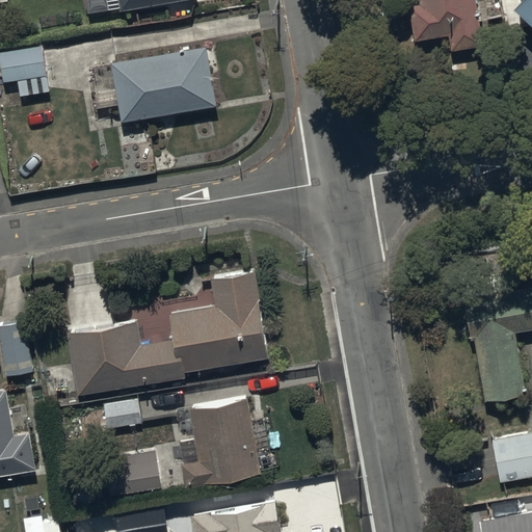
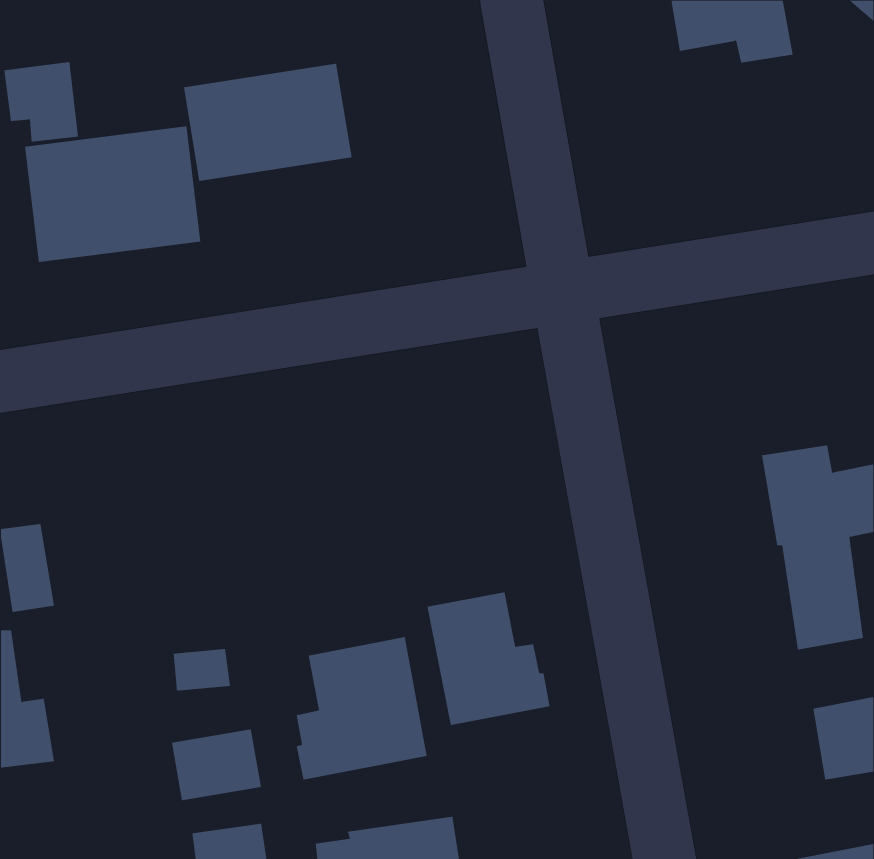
building: none -> [24,125,201,263]
building: [68,269,267,394] -> none
building: none -> [427,591,550,726]

